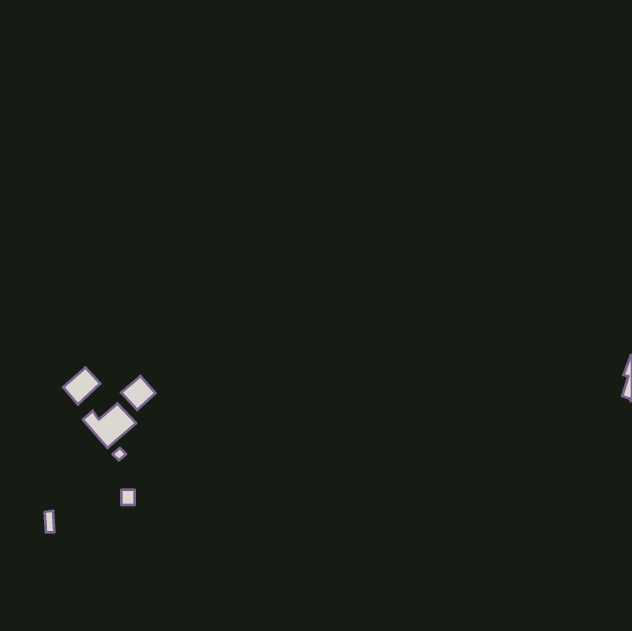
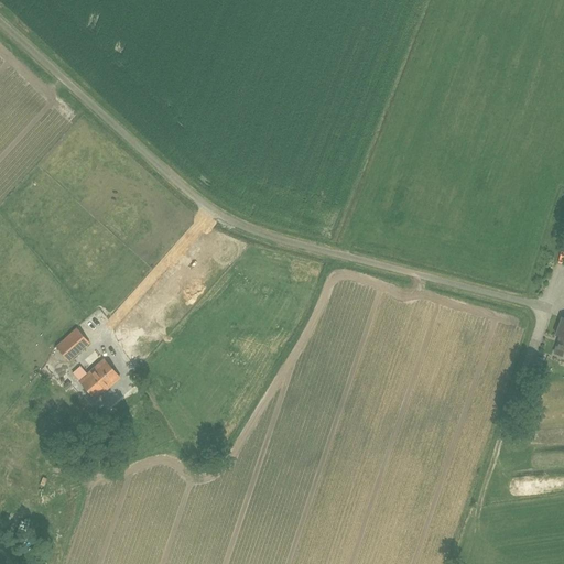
building: [121,376,155,410] -> none

